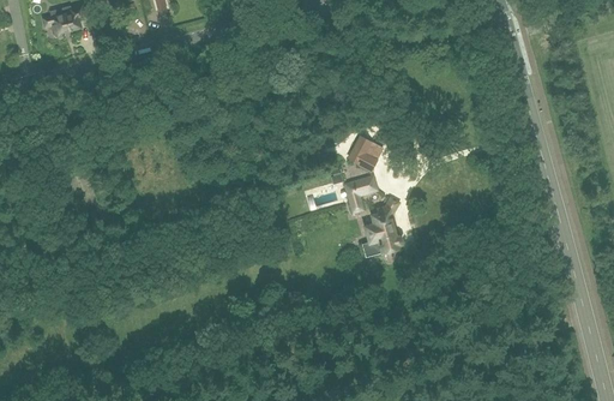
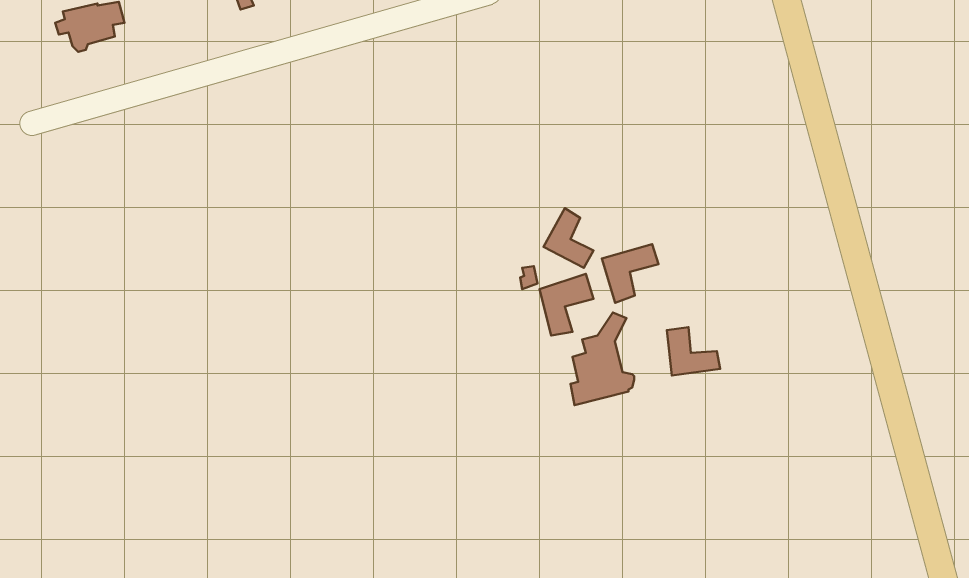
building: none -> [602,244,658,303]
building: none -> [667,327,720,375]

